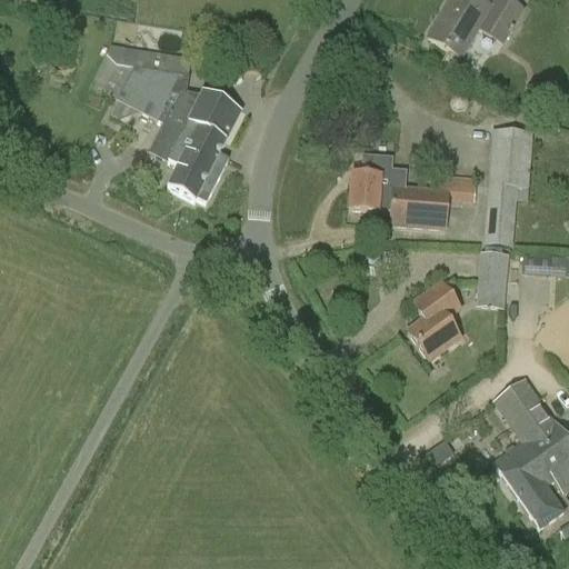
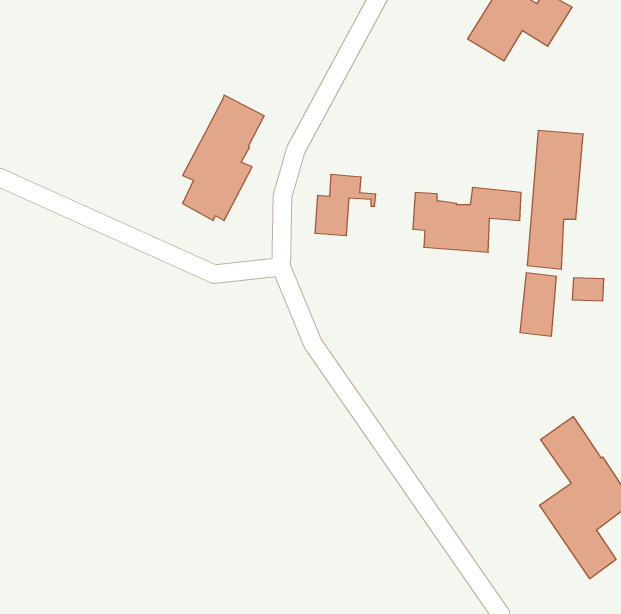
building: [90,42,204,160] -> none
building: [349,154,405,210] -> [315,175,376,236]
building: [407,278,461,359] -> none

